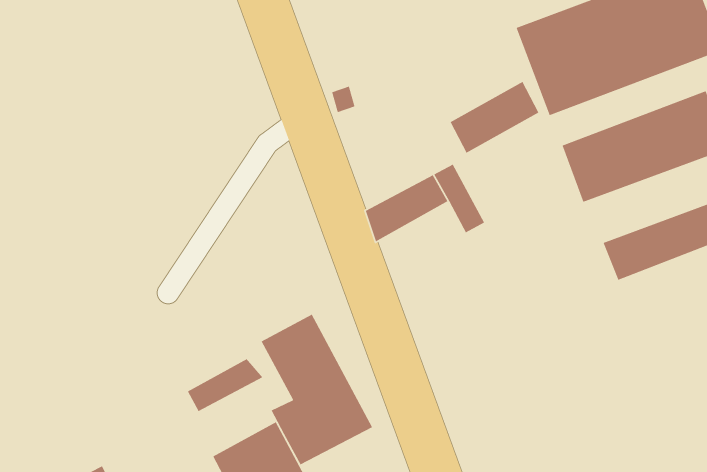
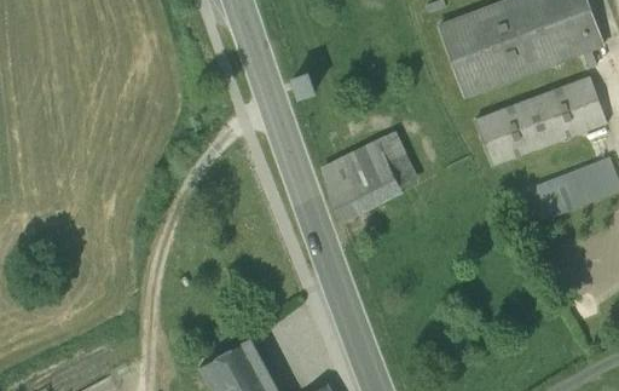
building: [450,81,539,154] -> [328,165,399,223]
building: [261,314,373,465] -> none
building: [187,358,263,412] -> none

